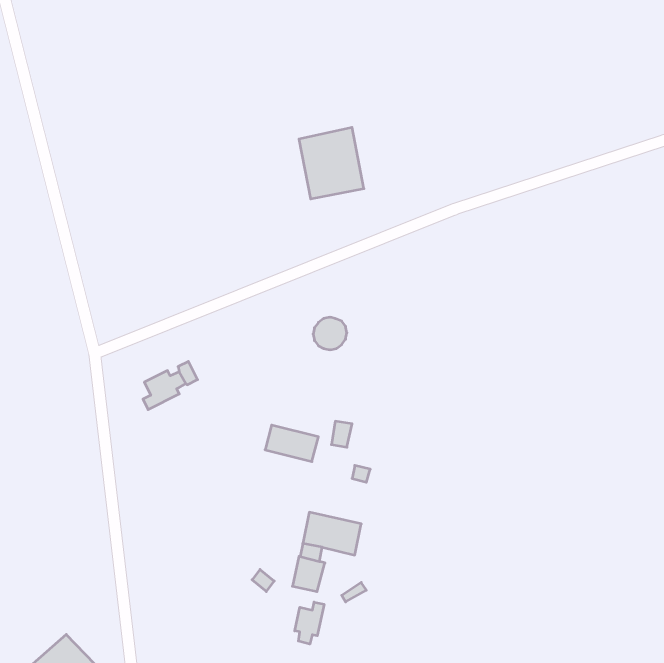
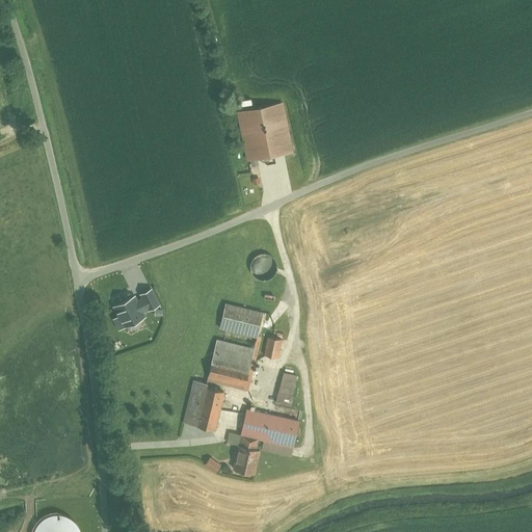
building: none -> [220,304,263,338]
building: none -> [208,361,249,387]
building: none -> [184,381,223,430]
building: [295,602,324,644] -> none

